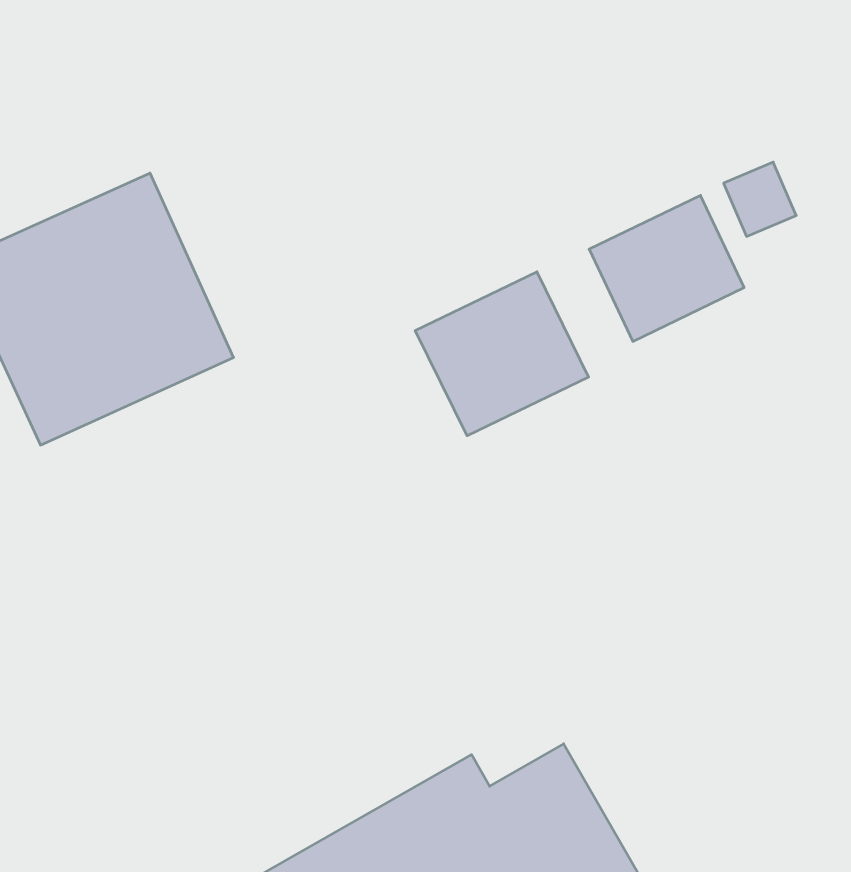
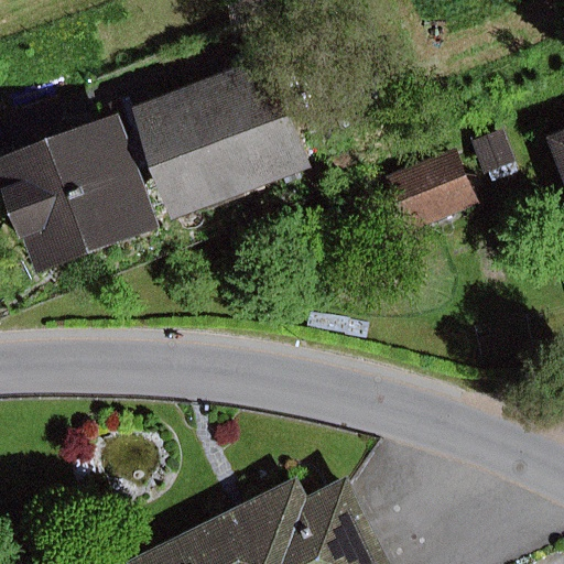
building: none -> [128,54,311,221]
building: [415,272,589,436] -> none

